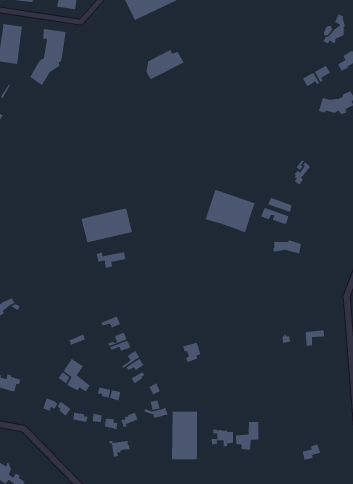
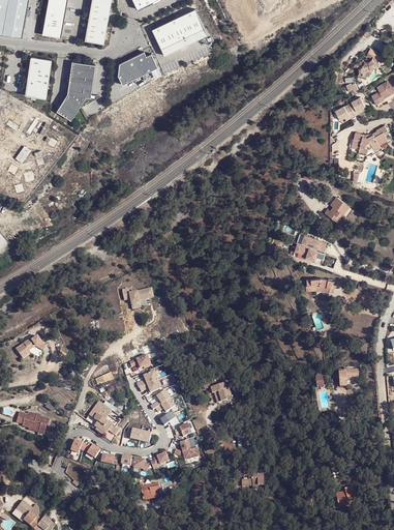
building: [145,49,185,80] -> [118,51,158,83]
building: [204,189,256,234] -> none
building: [81,208,133,243] -> none
building: [171,411,198,460] -> none
building: [235,421,259,451] -> none

